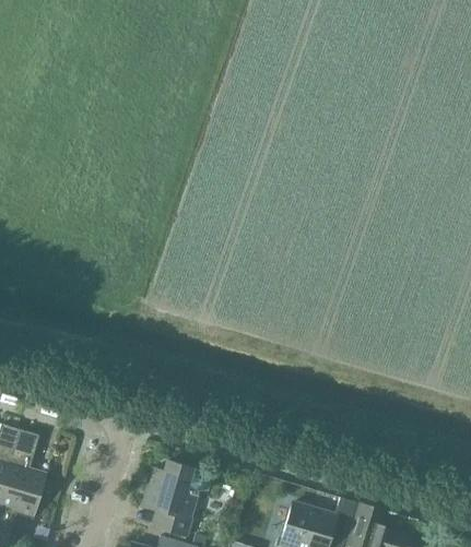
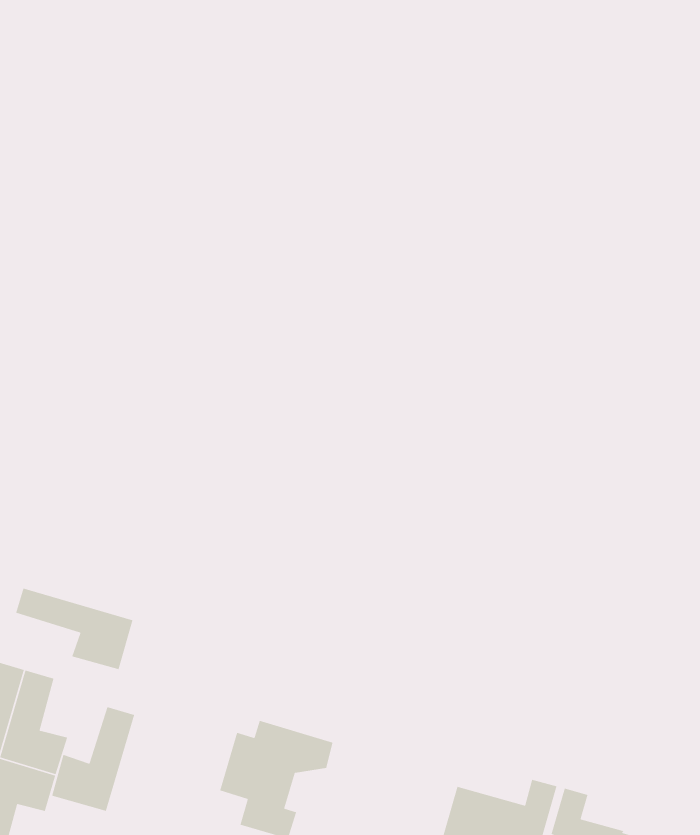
building: none -> [15,587,133,670]
building: none -> [51,706,135,812]

